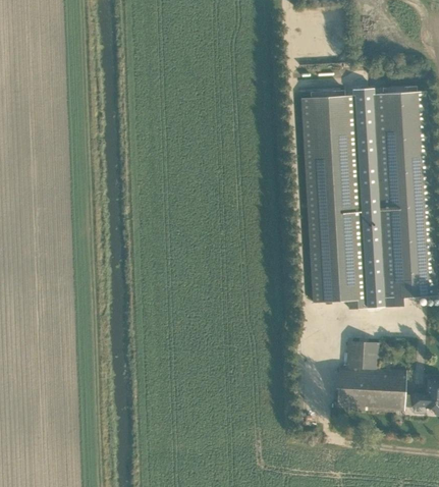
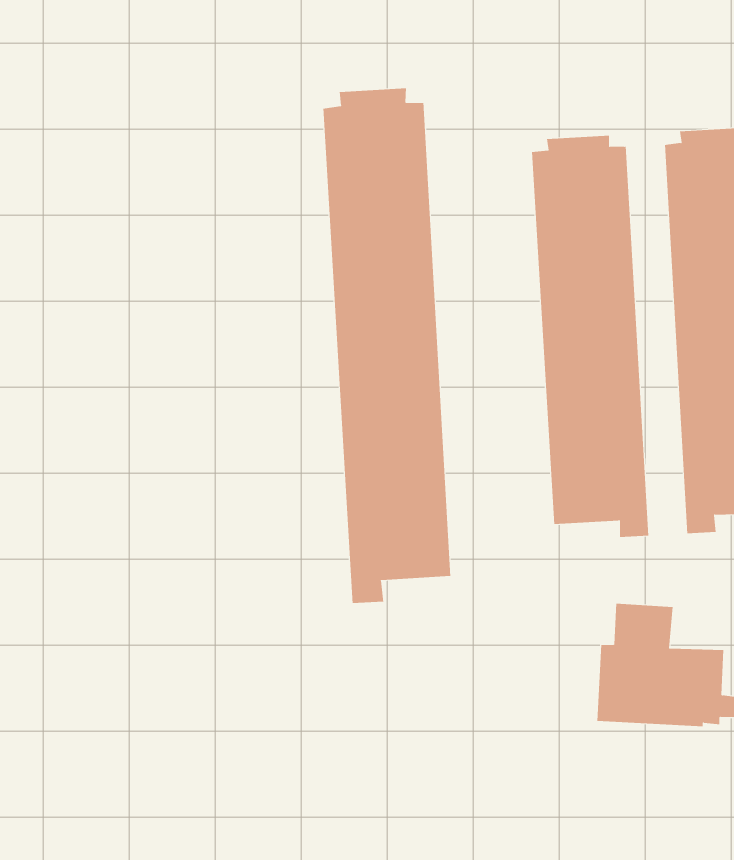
building: none -> [323,88,451,604]
building: [350,88,384,307] -> none

